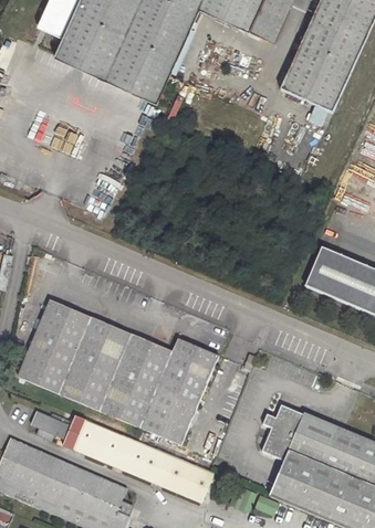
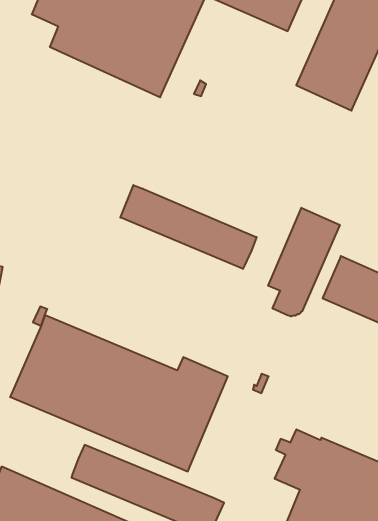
building: none -> [120,185,257,269]
building: none -> [268,208,340,316]
building: [30,411,86,450] -> none

